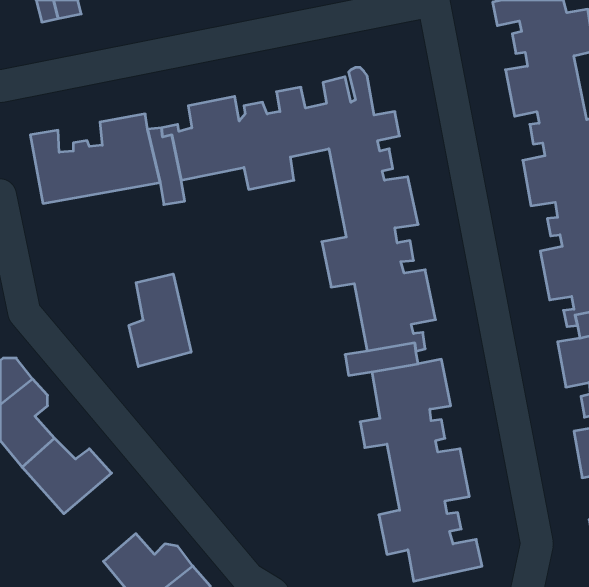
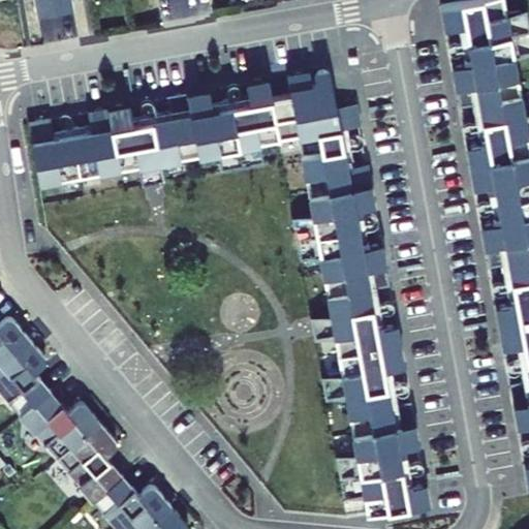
building: [129,274,191,367] -> none
building: none -> [61,427,125,505]

